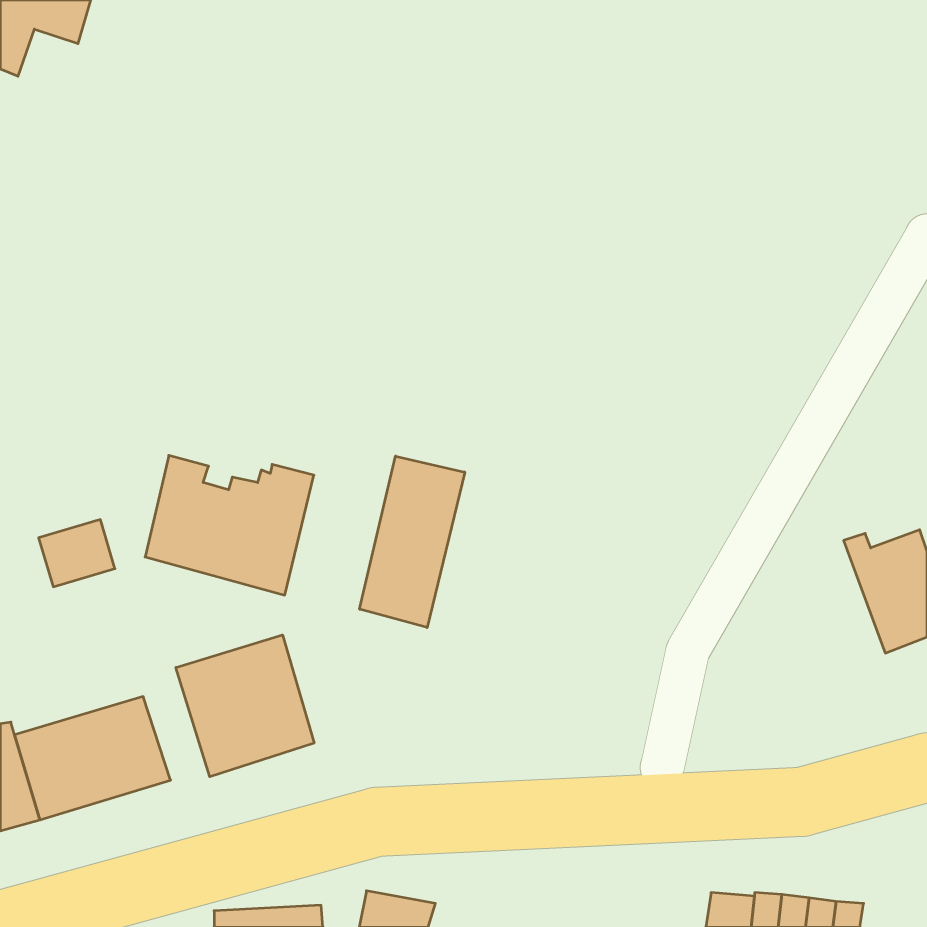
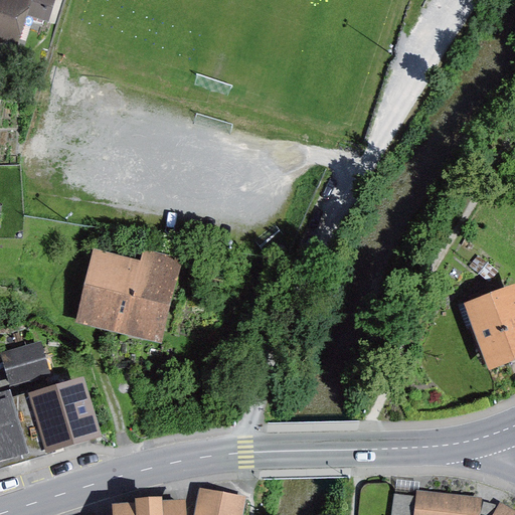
building: [360,456,465,628] -> none
building: [39,520,115,587] -> [4,346,46,383]
building: [176,635,314,777] -> none

